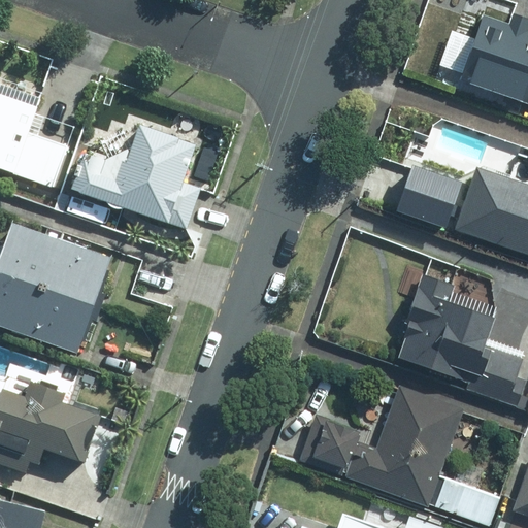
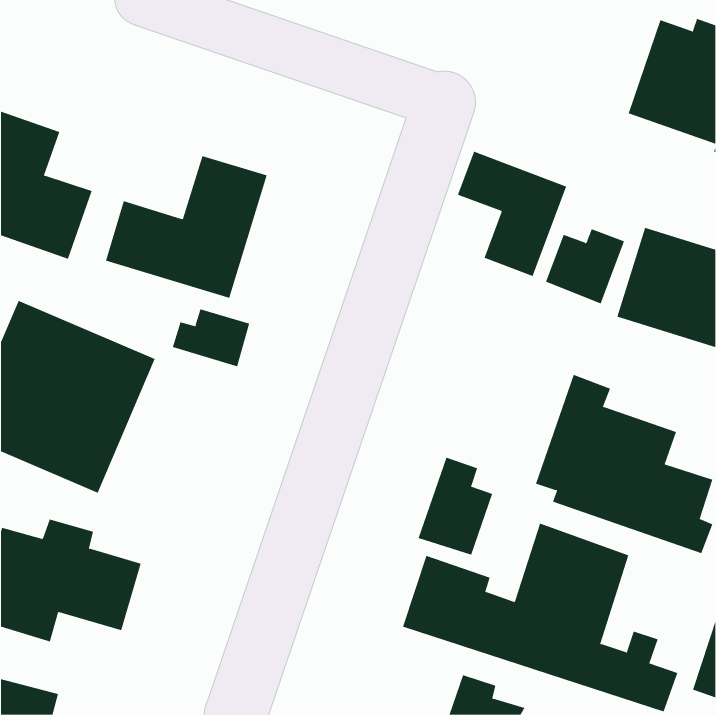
building: none -> [457,151,567,277]
building: none -> [172,308,250,367]
building: none -> [418,457,493,555]

